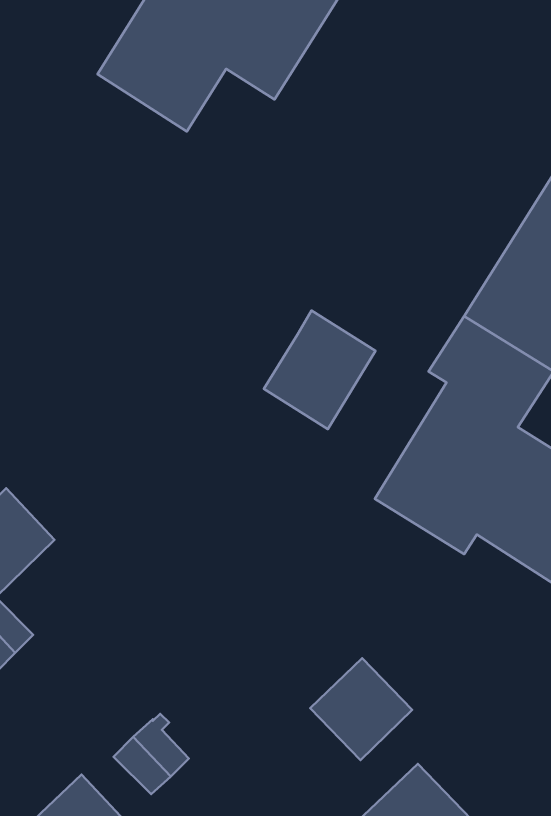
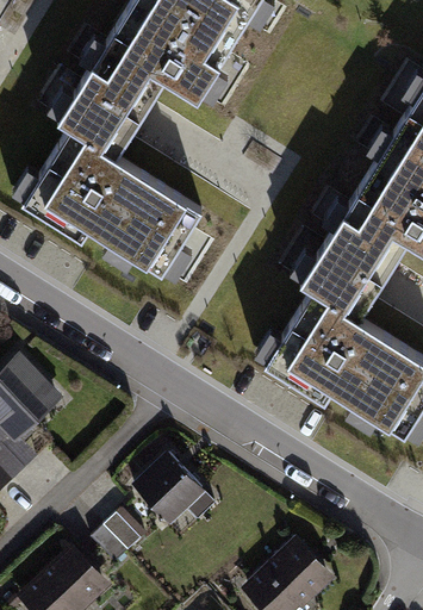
building: none -> [23,83,204,274]
building: [264,311,375,429] -> none
building: [310,658,412,760] -> [136,454,204,522]

